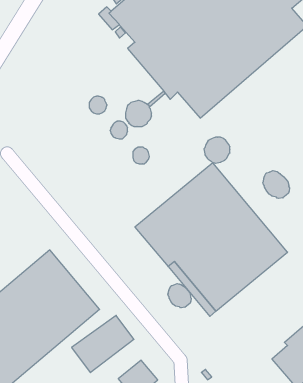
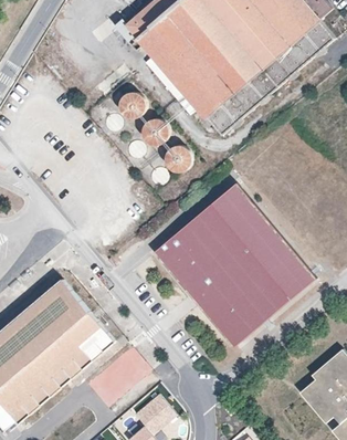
building: none -> [120,91,147,117]
building: [204,137,230,163] -> [166,145,193,172]
building: [263,171,290,198] -> none
building: [168,284,191,308] -> none

